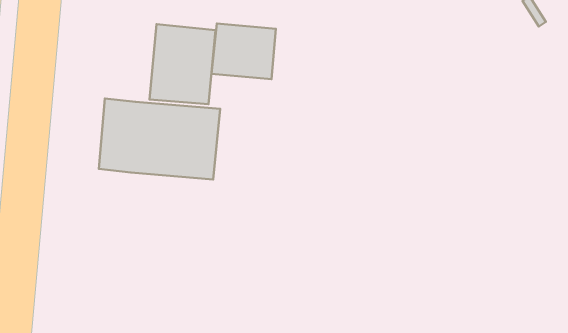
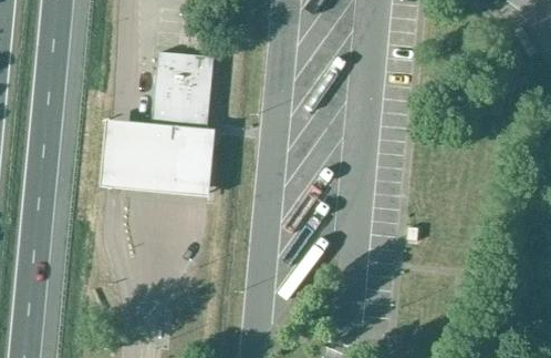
building: [211,24,276,79] -> none

